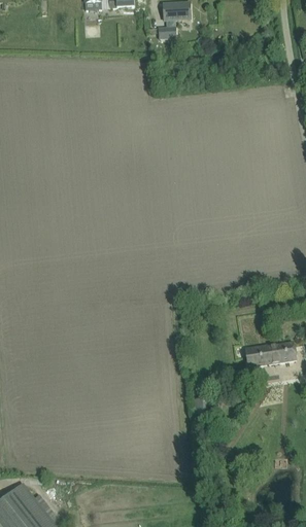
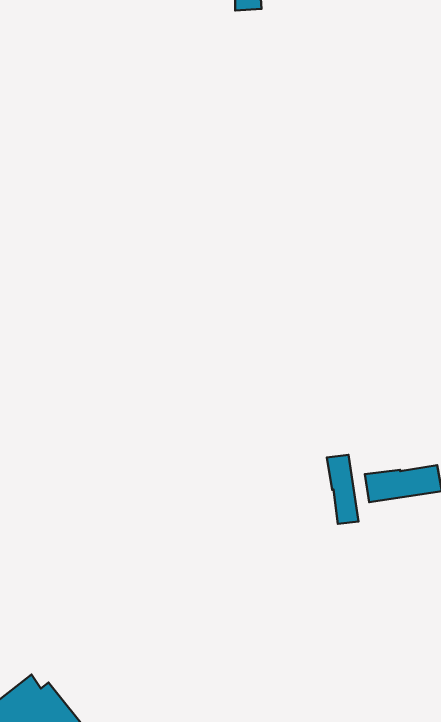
building: none -> [327,455,358,524]

